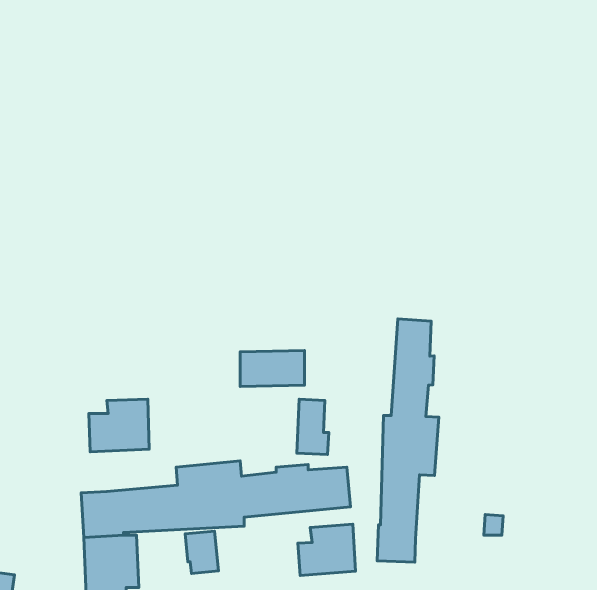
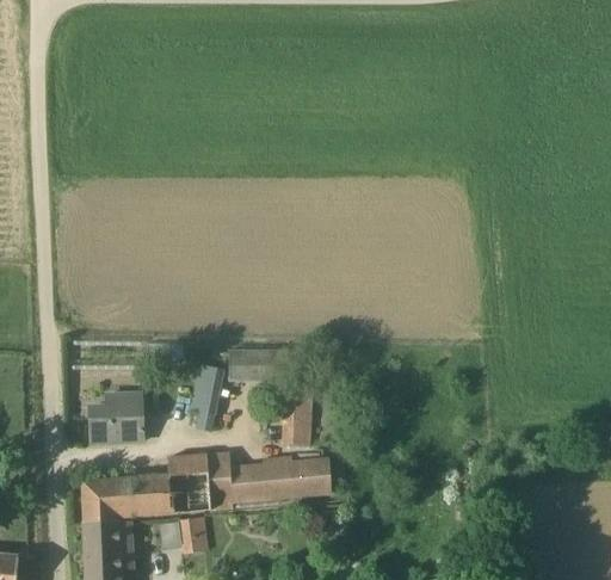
building: [377,319,439,562] -> none
building: none -> [190,364,224,414]
building: [298,524,356,576] -> none

